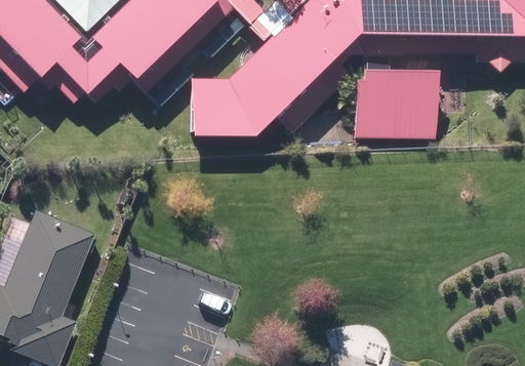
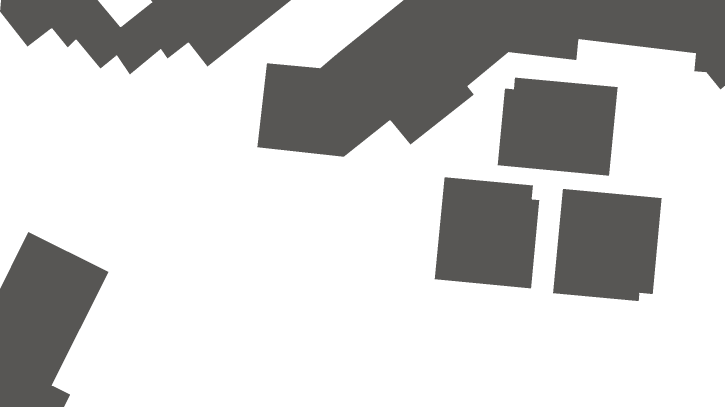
building: none -> [434,177,540,289]
building: none -> [553,188,662,302]

